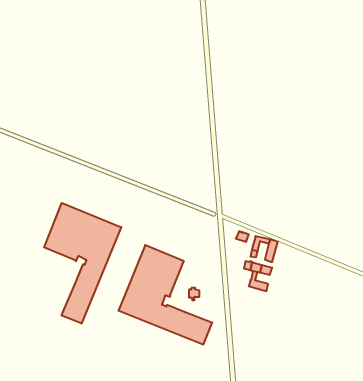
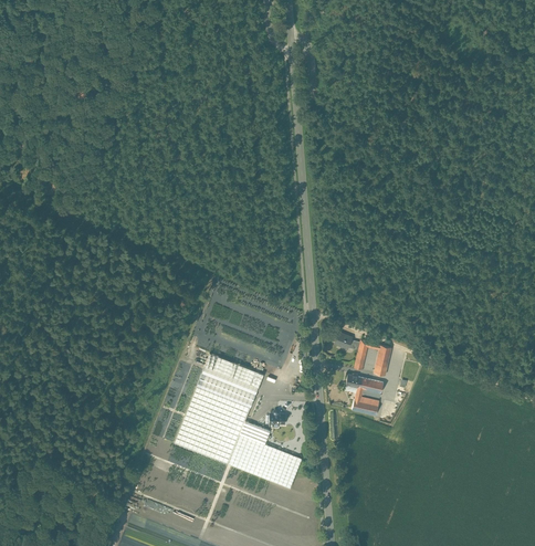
building: [44,203,121,324] -> none
building: none -> [233,421,270,444]

